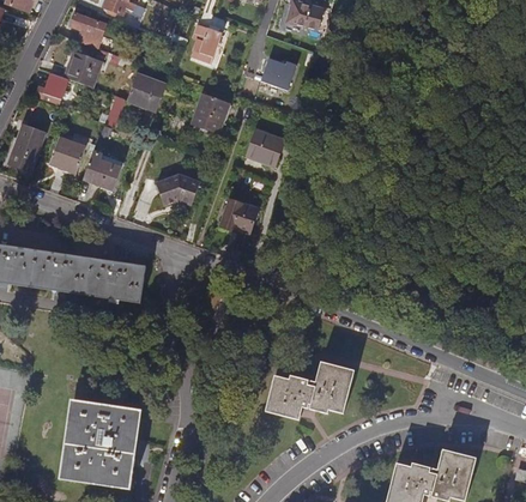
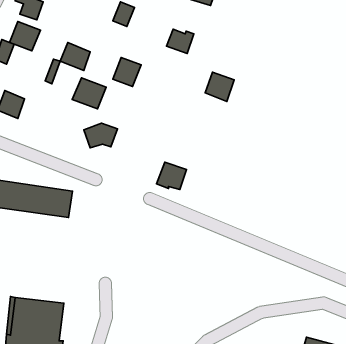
building: [246,132,283,169] -> [205,72,234,101]
building: [78,152,121,192] -> [72,78,106,109]
building: [216,201,254,236] -> [156,162,186,189]
building: [262,364,351,423] -> none

